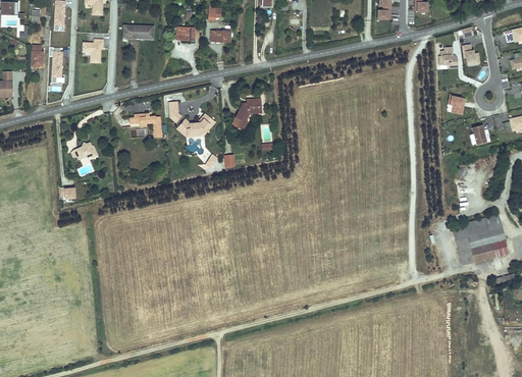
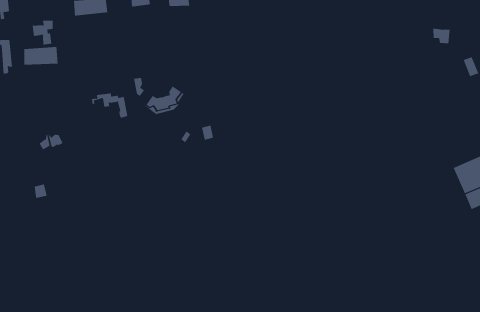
building: none -> [24,46,58,66]
building: [232,99,263,128] -> none

